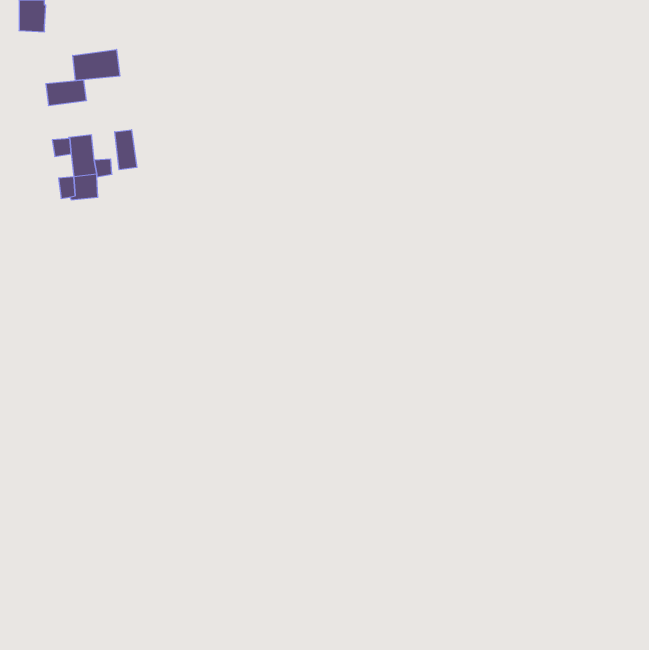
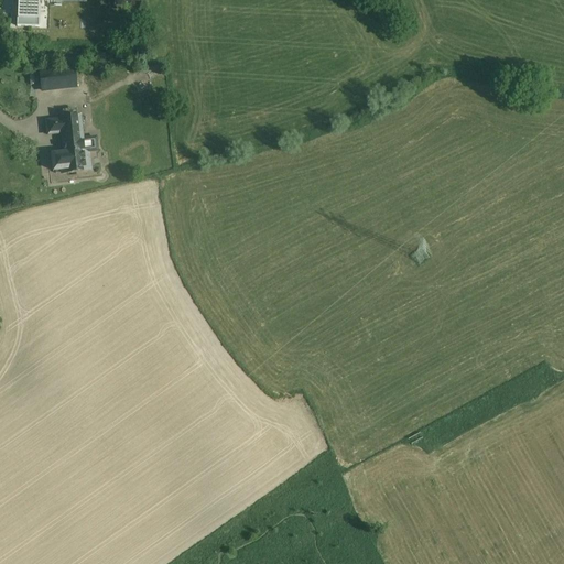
building: [73,49,120,81] -> none
building: [115,130,137,170] -> none

